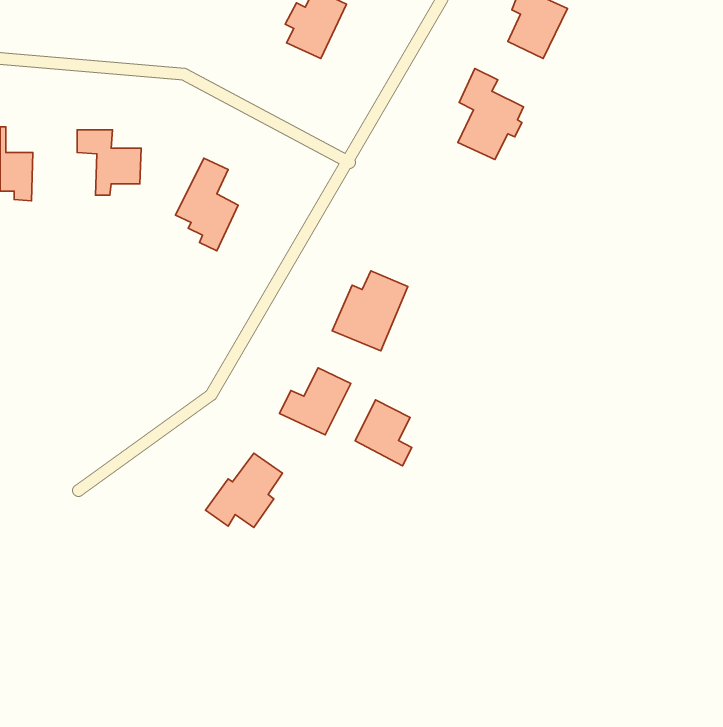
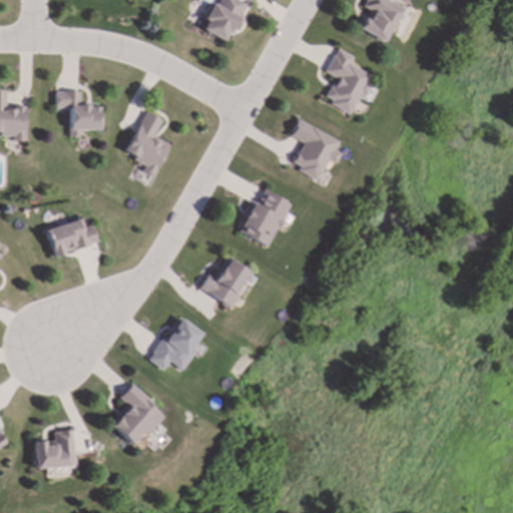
building: none -> [291,119,341,178]
building: none -> [48,219,100,255]
building: [355,400,412,466] -> none
building: none -> [110,384,165,444]
building: none -> [35,430,74,469]

